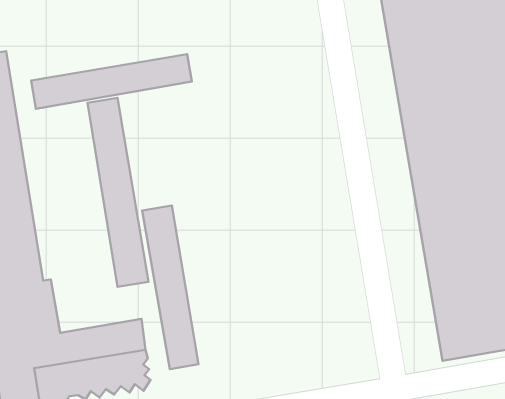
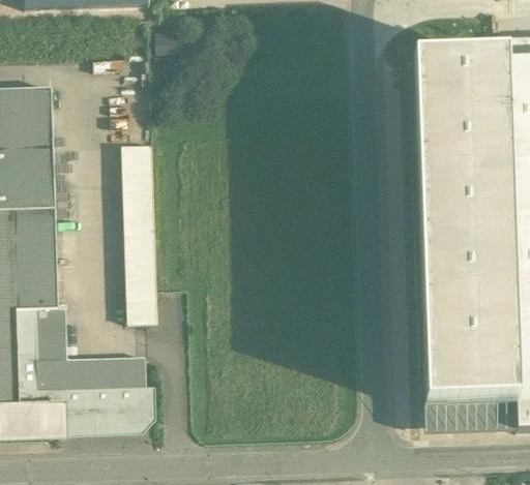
building: [31,54,192,109] -> none
building: [142,205,199,369] -> none

